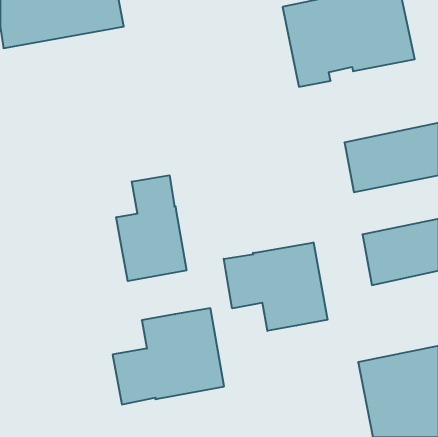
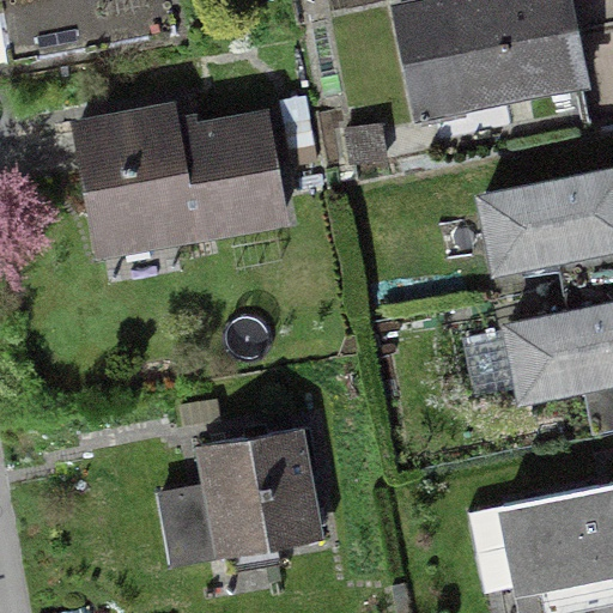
building: none -> [74,110,280,251]
building: [116,175,186,281] -> none
building: [224,242,328,331] -> none

